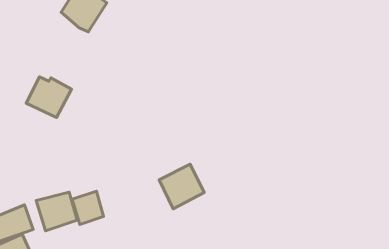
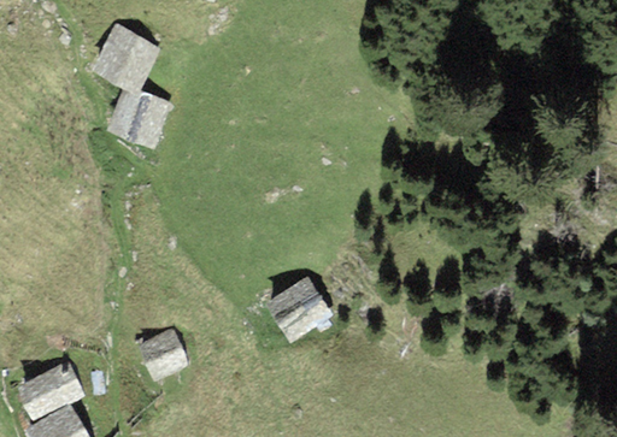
building: [26,77,71,118] -> [106,89,171,147]
building: [36,192,77,231] -> none

